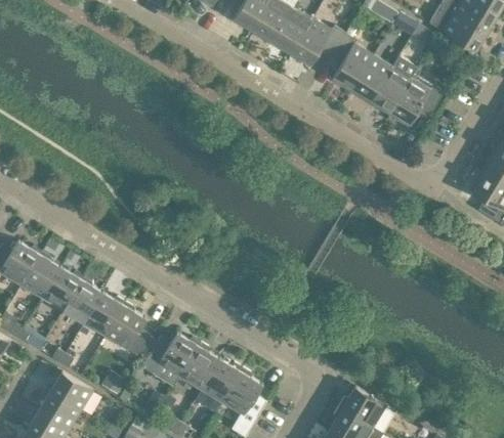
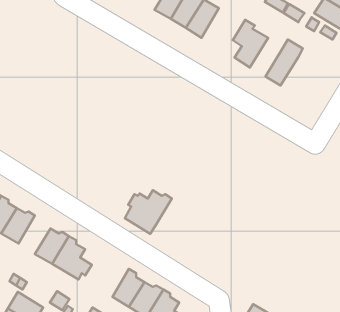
building: [290,17,344,65] -> none
building: [350,54,391,102] -> none
building: [388,78,444,126] -> none
building: [62,275,102,323] -> none
building: [141,332,200,386] -> [125,190,172,234]

